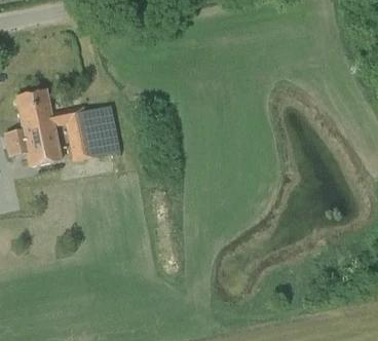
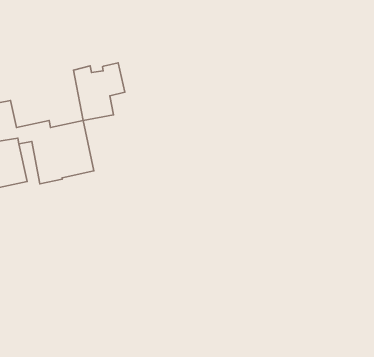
building: none -> [74,63,125,120]

